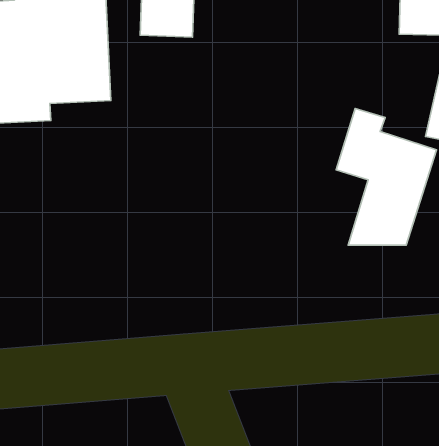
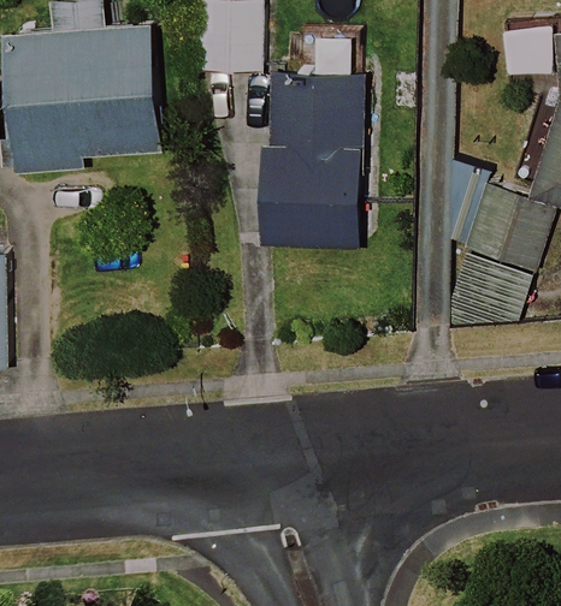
building: none -> [259,69,367,249]

